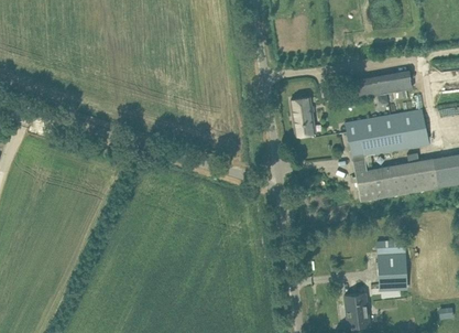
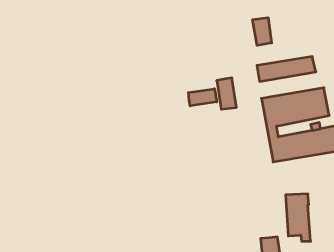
building: none -> [253,18,272,45]
building: none -> [188,89,217,106]

